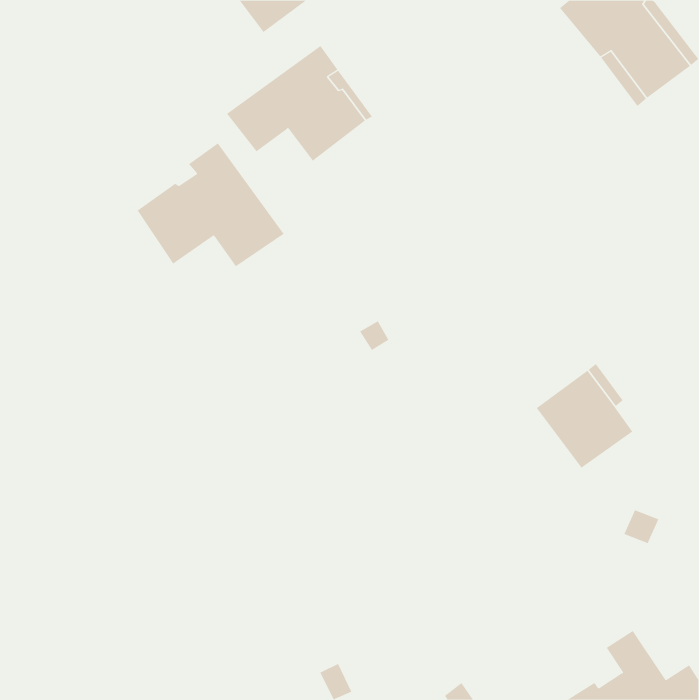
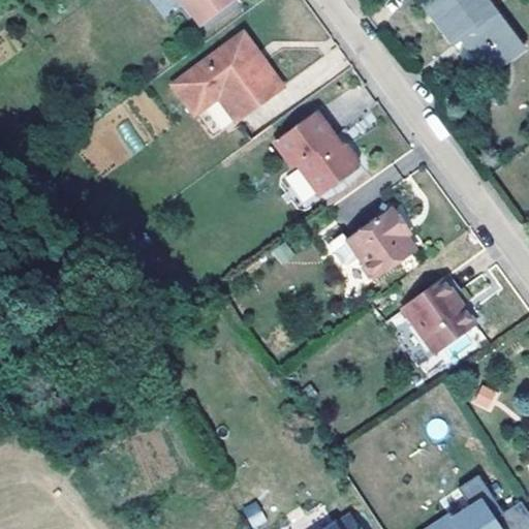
building: [137,142,284,267] -> none
building: none -> [273,112,355,194]
building: none -> [330,209,414,278]

